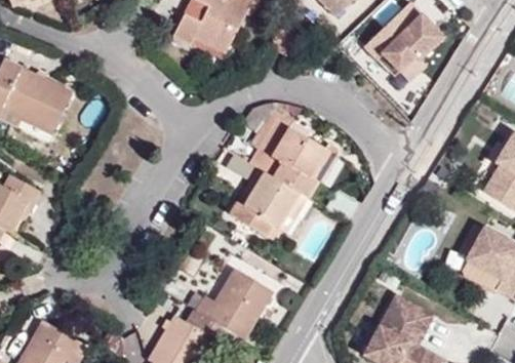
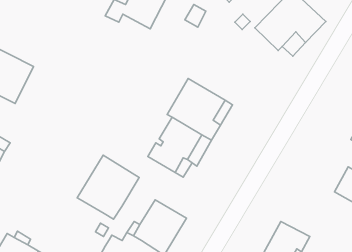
building: none -> [77,155,139,219]

